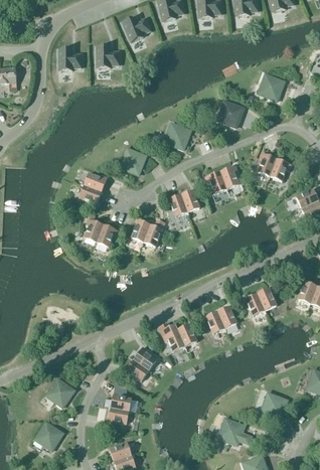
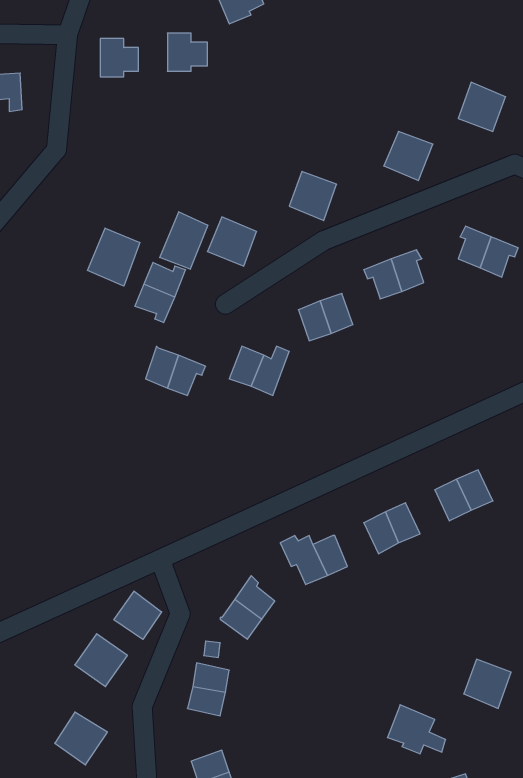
building: none -> [160,212,208,269]
building: none -> [88,228,140,286]
building: none -> [114,591,162,639]

